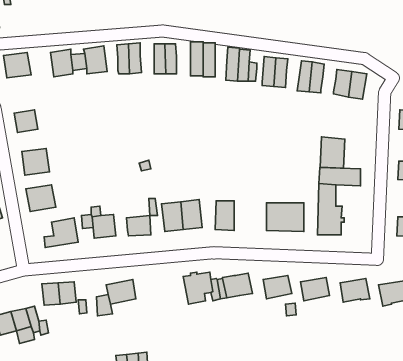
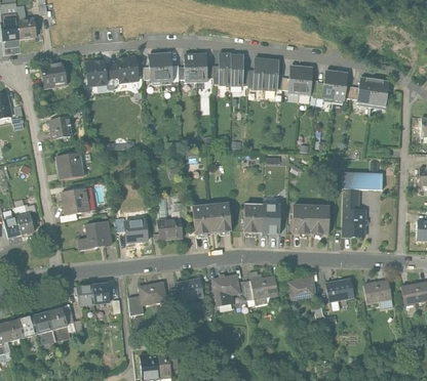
building: [320,137,345,168] -> none
building: none -> [262,205,280,234]
building: none -> [176,279,202,301]

